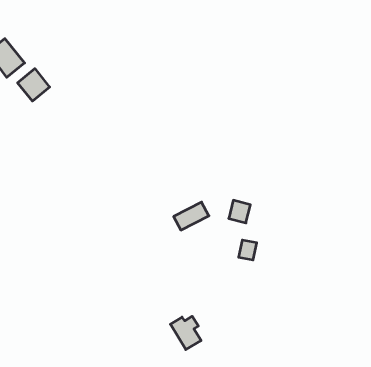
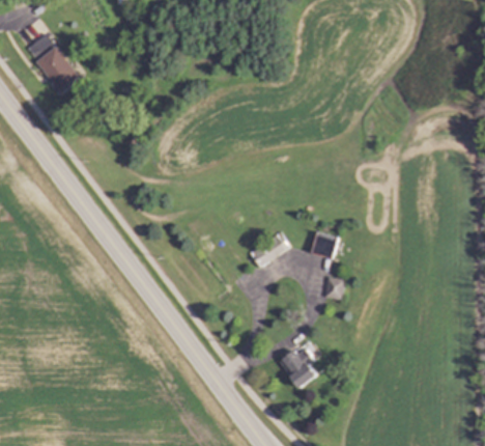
building: [18,69,50,101] -> none
building: [170,316,201,350] -> [281,349,316,387]

